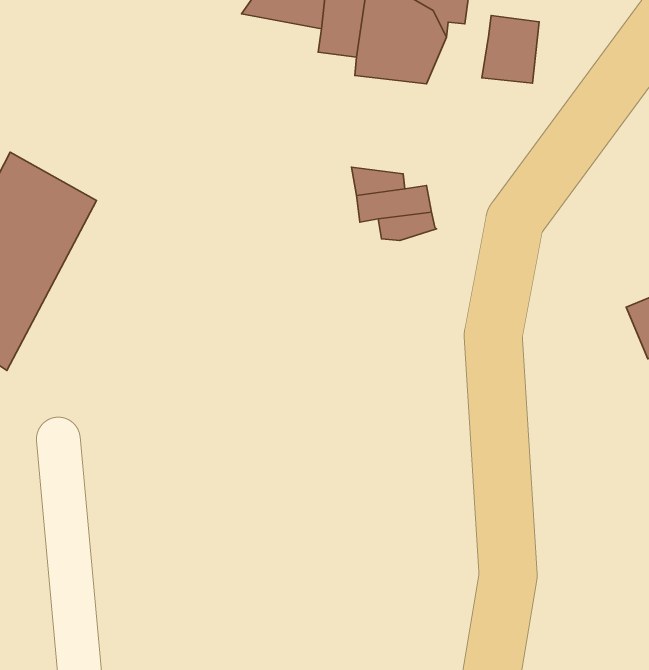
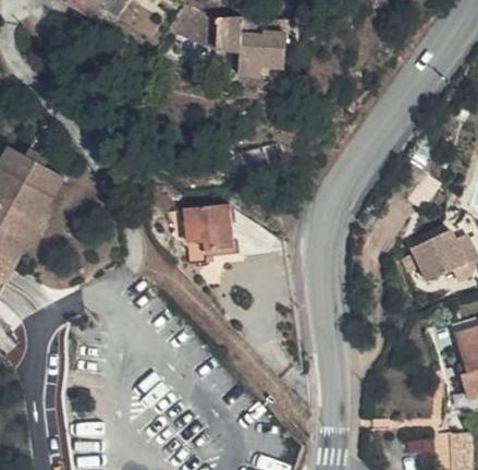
building: [482,16,539,83] -> none
building: none -> [191,212,235,255]

